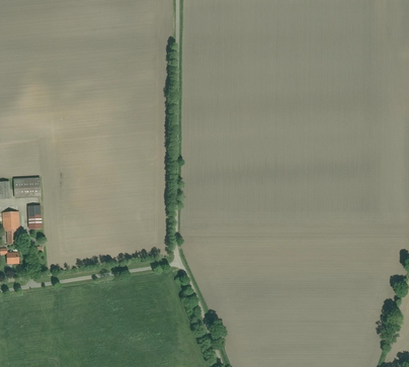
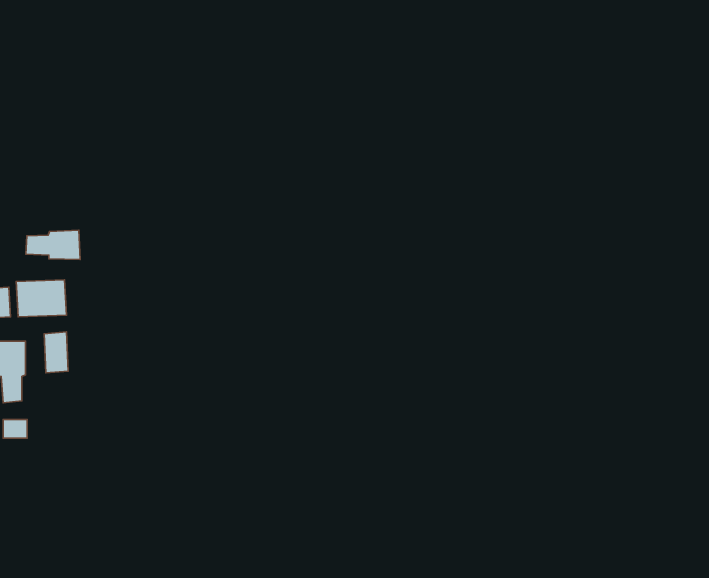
building: none -> [26,230,80,260]

